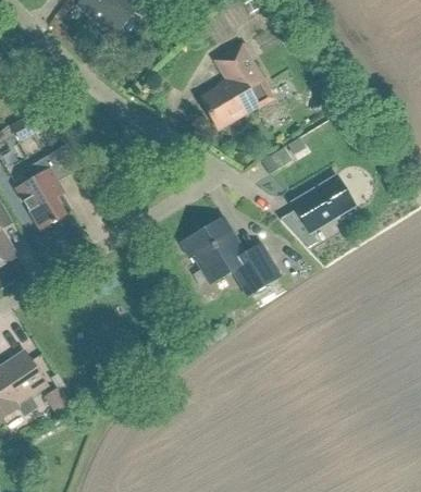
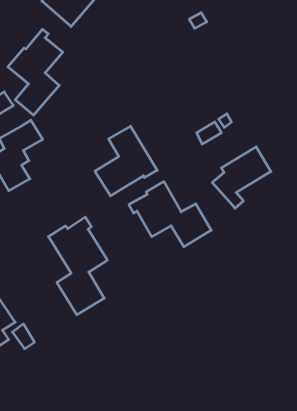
building: none -> [8,29,63,115]
building: [199,45,273,127] -> [95,126,157,196]
building: none -> [48,217,107,315]

